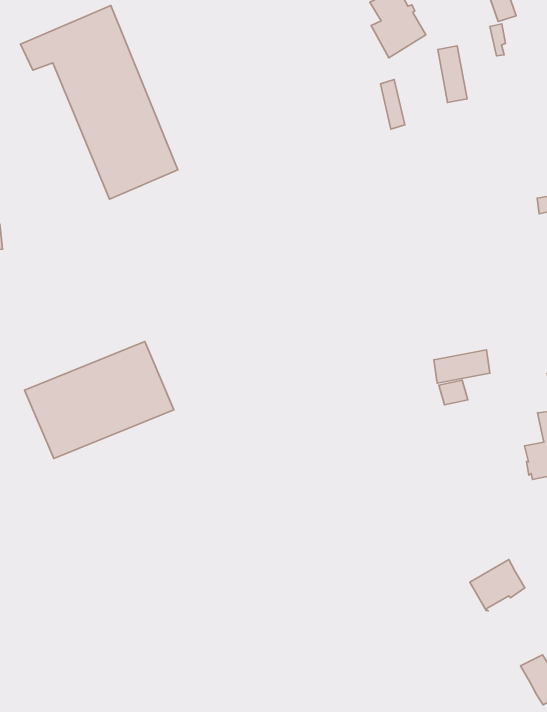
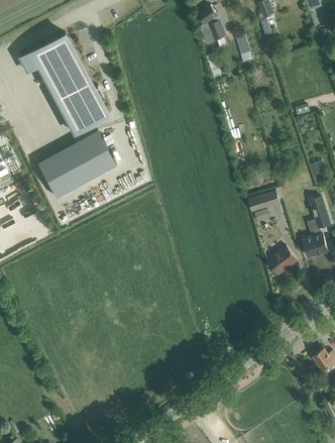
building: [25,342,174,459] -> [38,138,118,205]
building: [470,559,525,611] -> [267,245,297,273]

